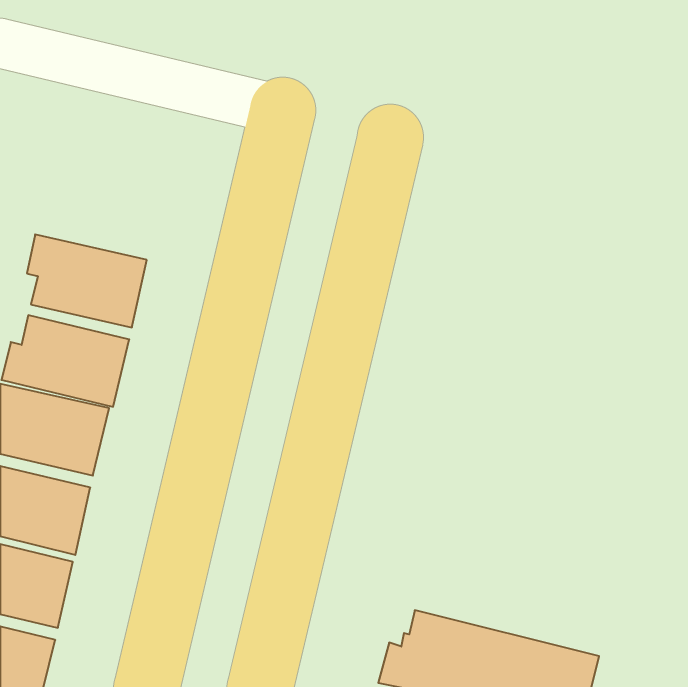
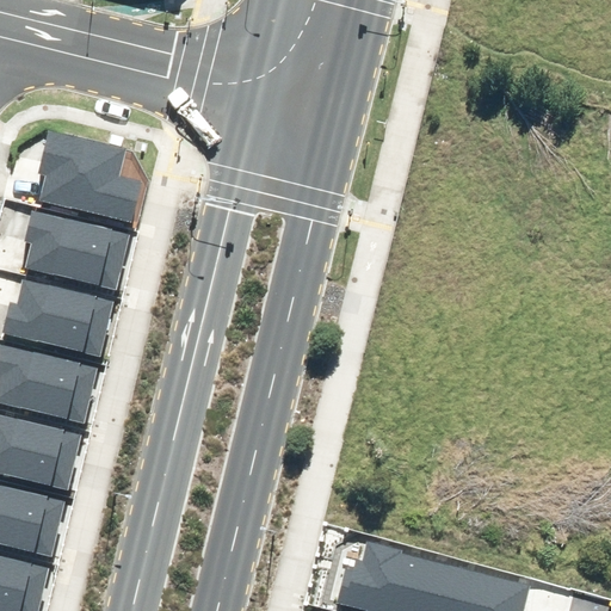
building: none -> [37,130,141,223]

